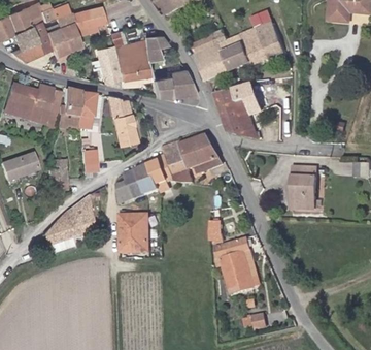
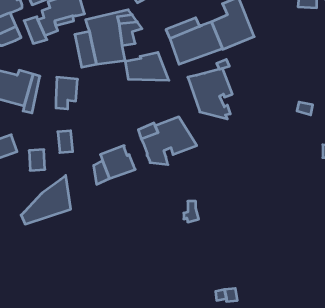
building: [31,22,56,67] -> none
building: [63,88,79,125] -> none
building: [107,96,138,146] -> none
building: [149,157,175,184] -> none
building: [293,166,317,209] -> none
building: [120,213,149,251] -> none
building: [217,237,262,291] -> none

